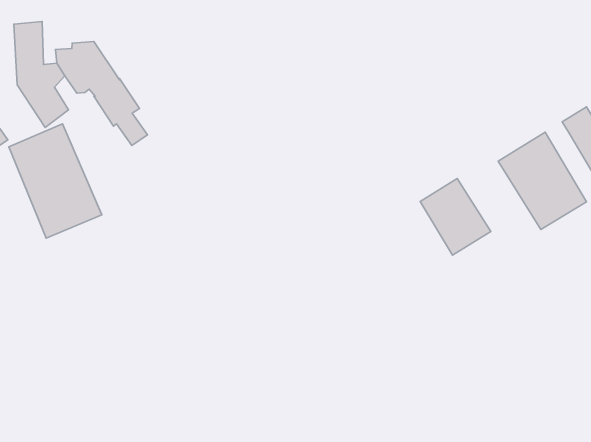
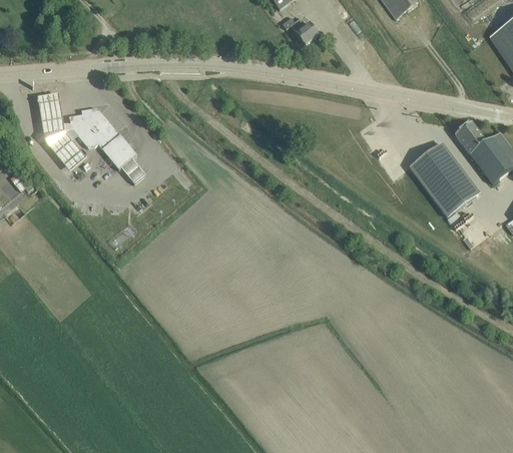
building: [9,124,102,238] -> none
building: [420,179,491,255] -> none

